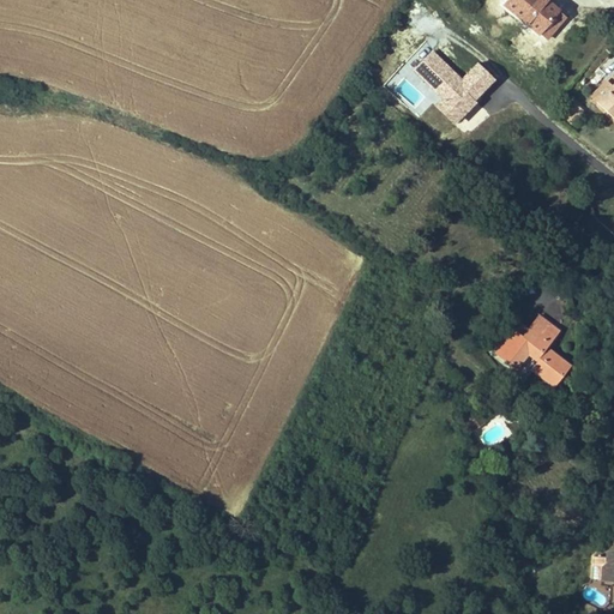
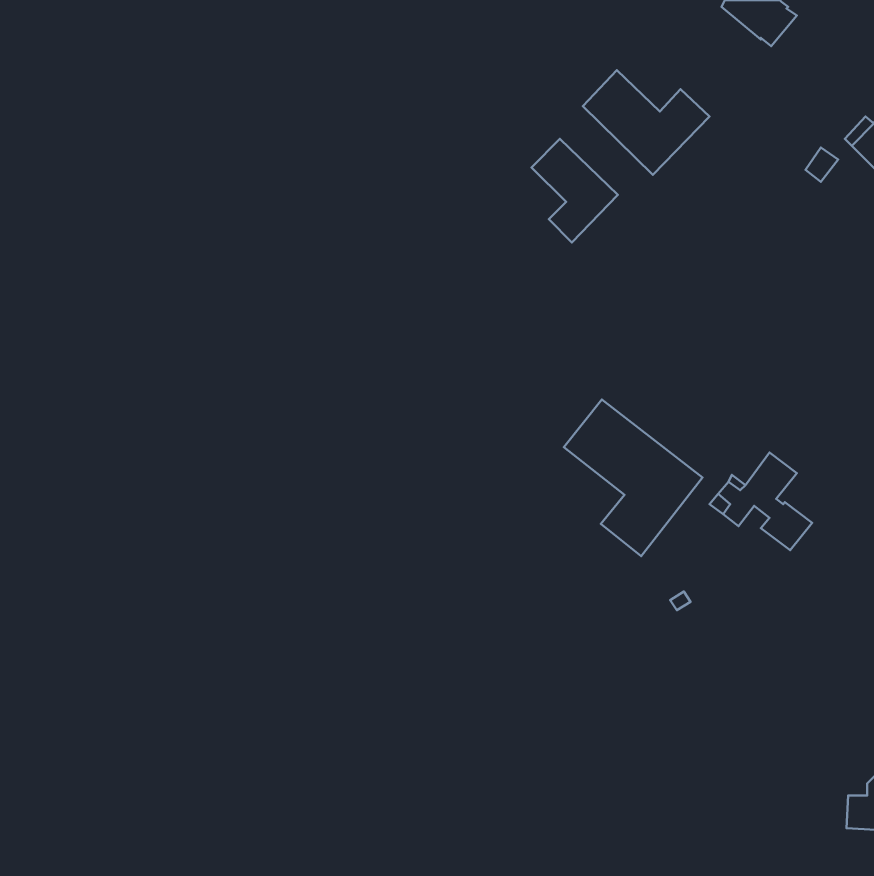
building: none -> [531,139,618,242]
building: none -> [564,399,702,556]

